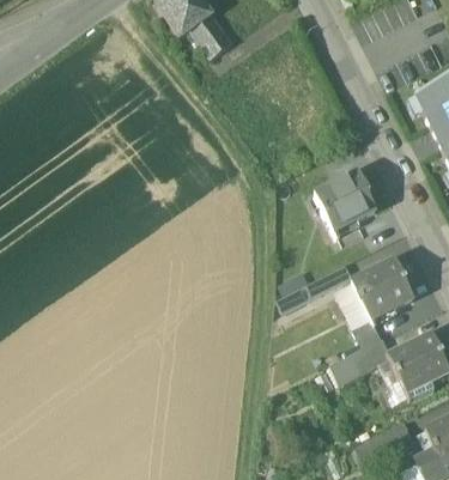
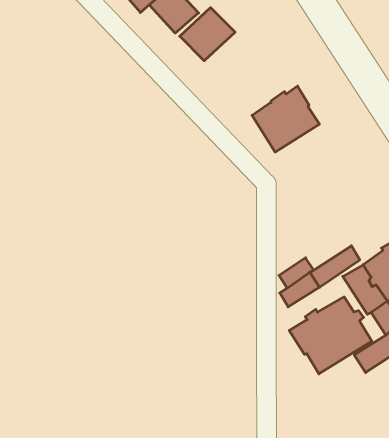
building: none -> [180,8,235,61]
building: [317,172,376,229] -> [252,86,319,152]
building: none -> [289,297,372,374]

